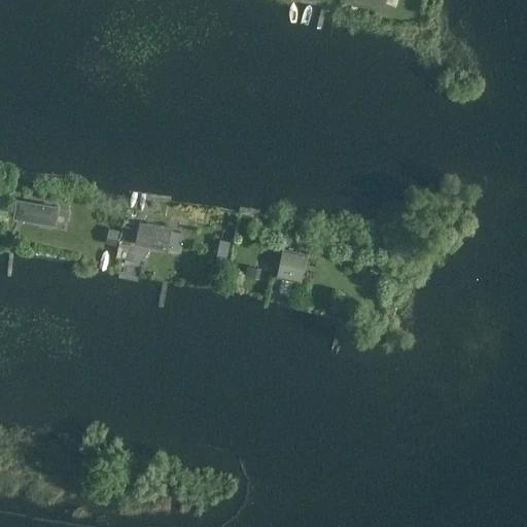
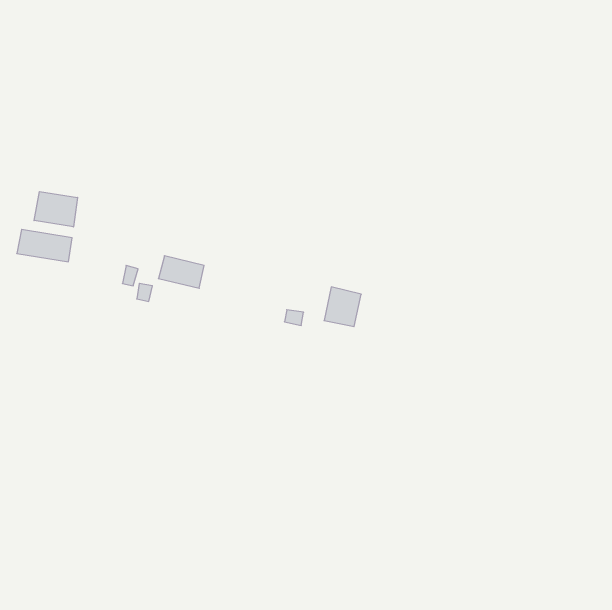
building: none -> [34,192,78,227]

